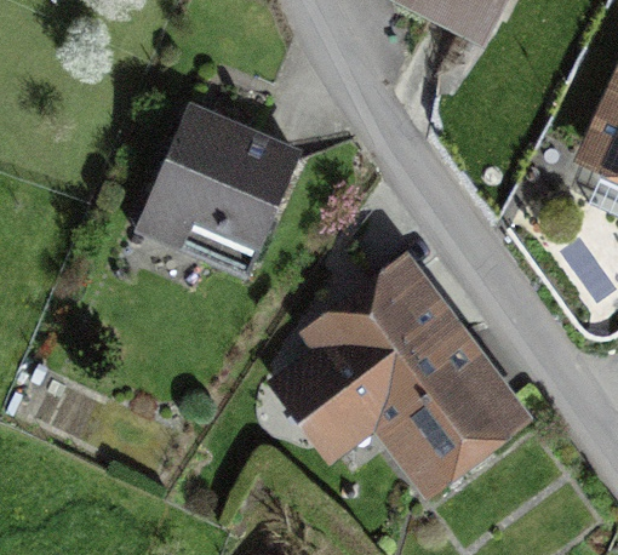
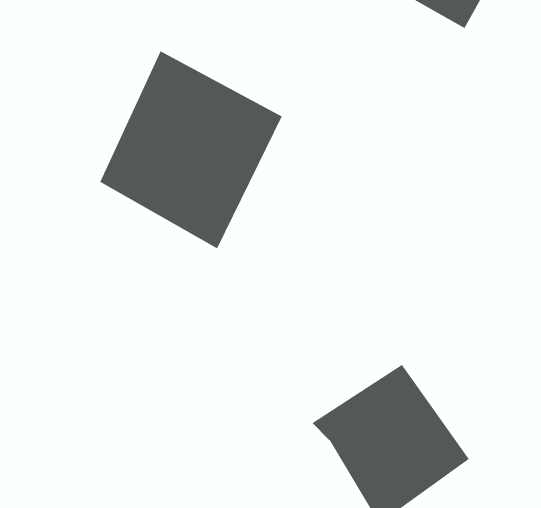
building: [277,282,437,464] -> none

